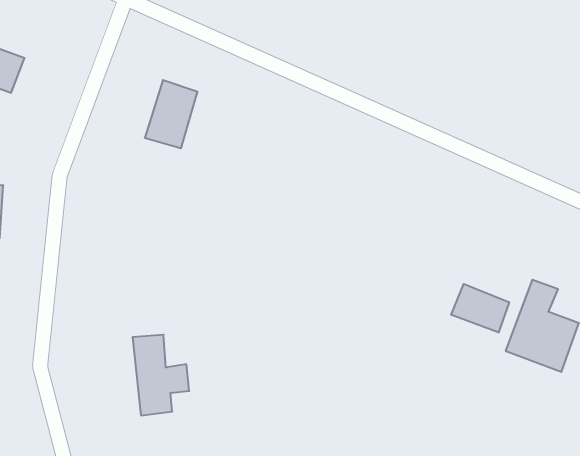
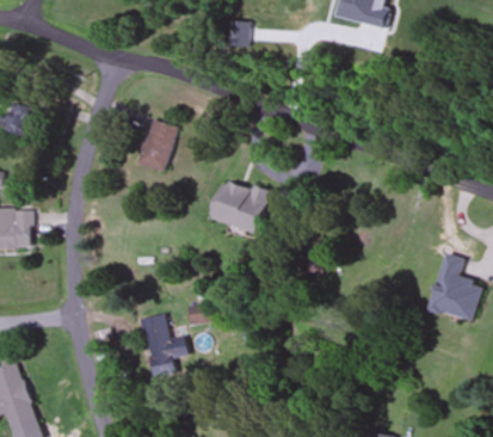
building: none -> [210,178,271,234]
building: [451,284,509,333] -> none

